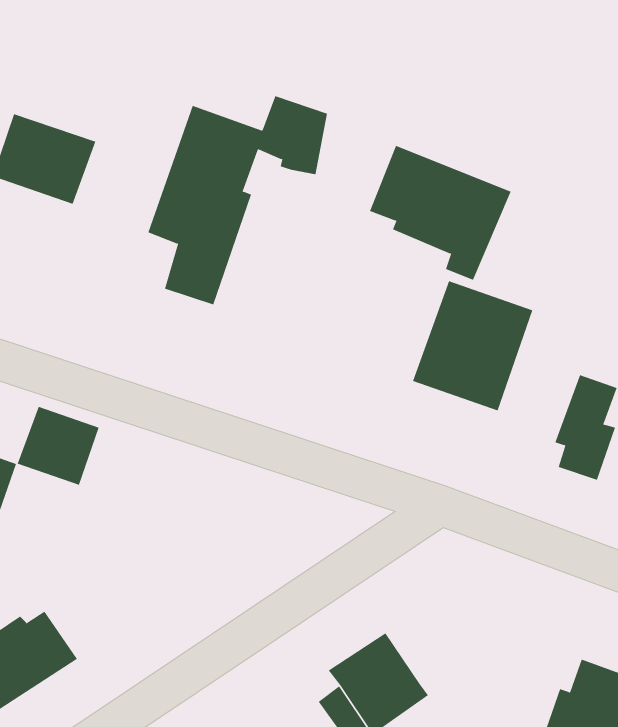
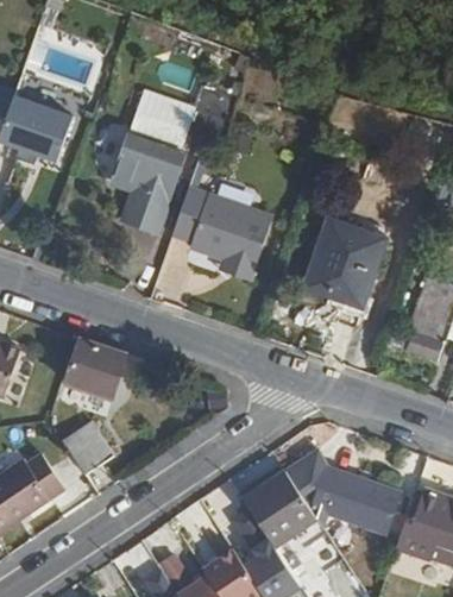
building: [369,145,511,281] -> [175,188,277,285]
building: [17,406,100,485] -> [65,339,125,396]
building: none -> [62,425,112,477]
building: none -> [283,450,396,533]

